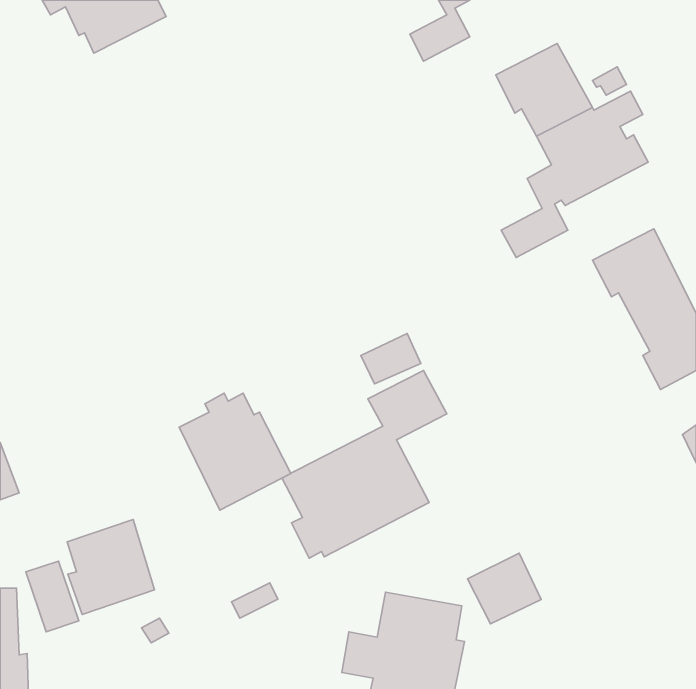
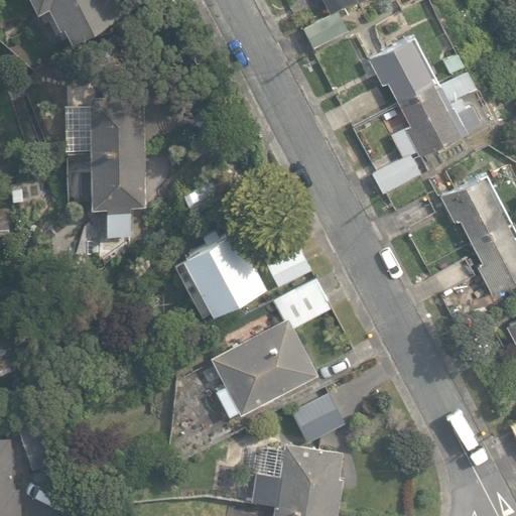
building: none -> [90,92,145,242]
building: [179,393,291,510] -> [182,232,265,318]
building: [67,520,154,615] -> none
building: [467,553,541,624] -> [289,391,344,443]

